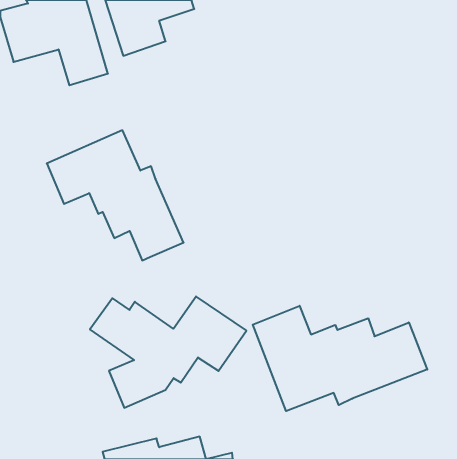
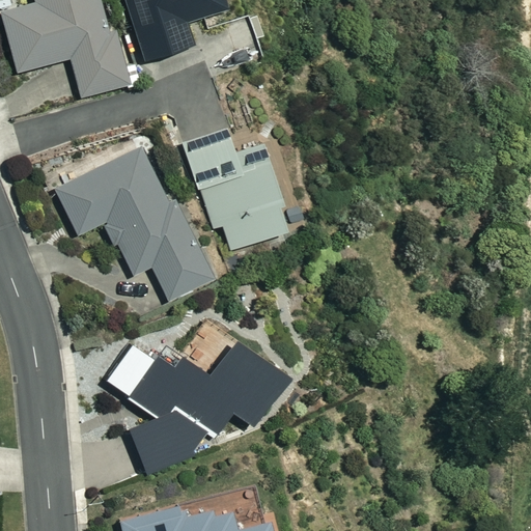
building: none -> [173,121,290,255]
building: [253,306,427,411] -> none

